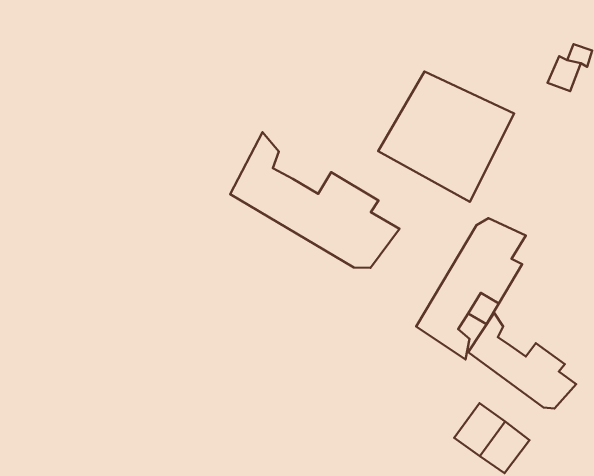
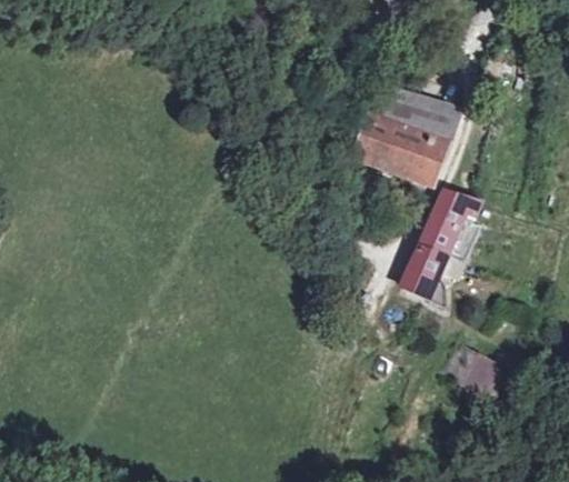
building: [230,132,399,268] -> none
building: [468,313,576,409] -> none

